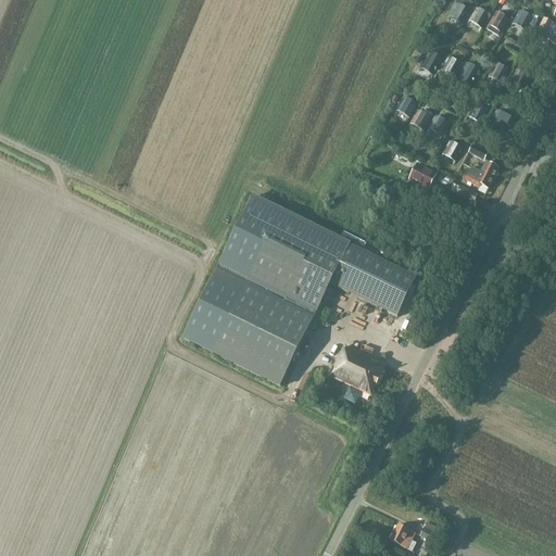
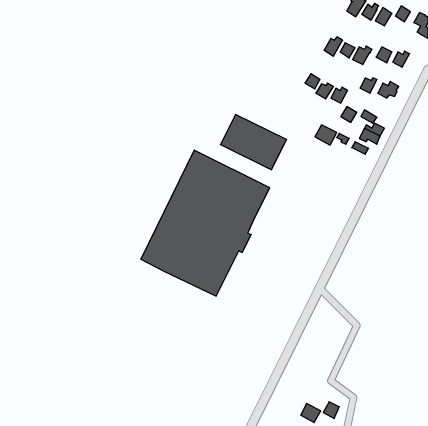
building: [330,243,416,315] -> [220,114,287,170]
building: [329,343,384,396] -> none

